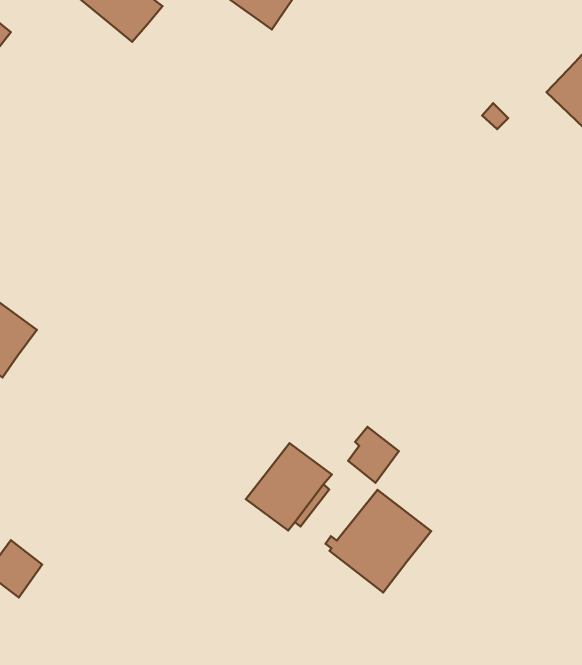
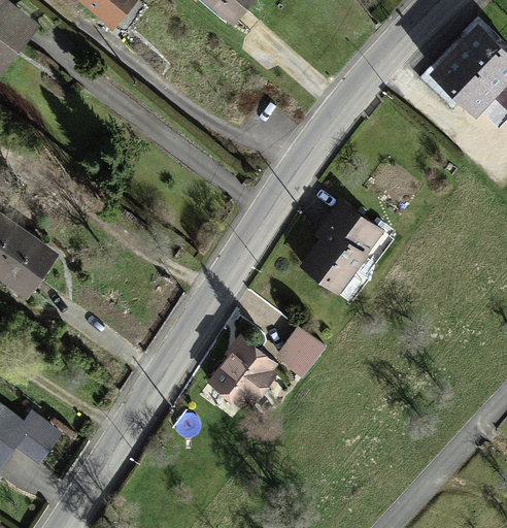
building: none -> [304,206,380,292]
building: [326,490,431,592] -> none

